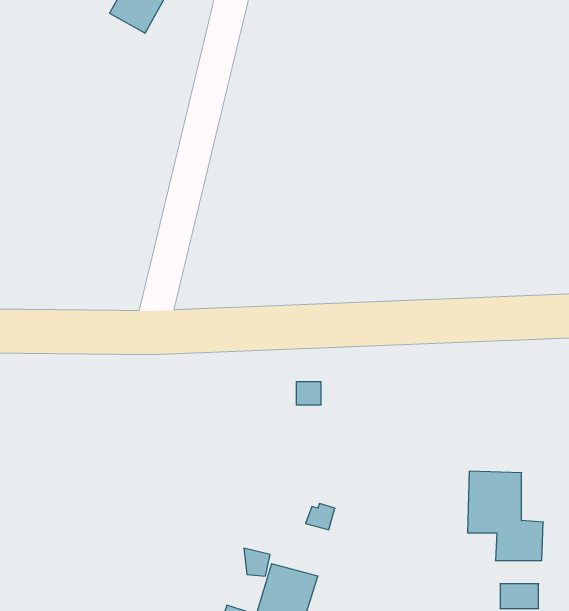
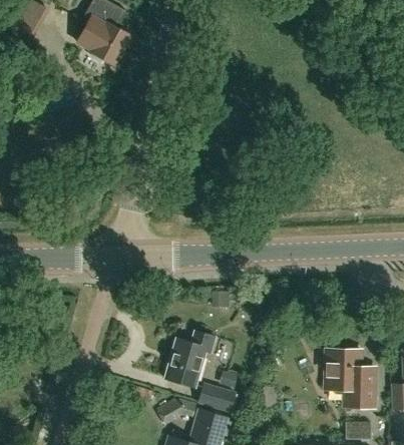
building: none -> [164,332,215,387]
building: none -> [198,382,237,413]

